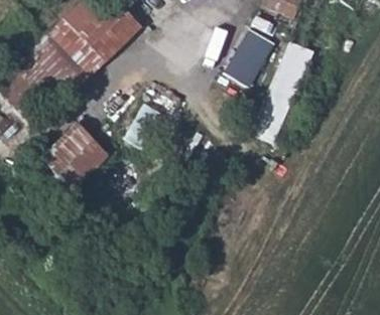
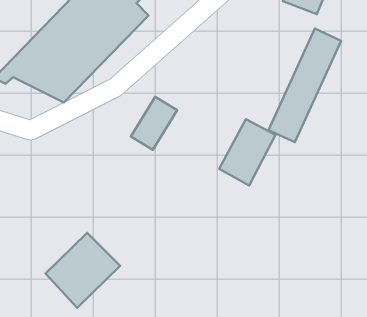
building: [226,26,277,87] -> [219,119,275,185]
building: [39,124,108,192] -> [45,233,120,308]

